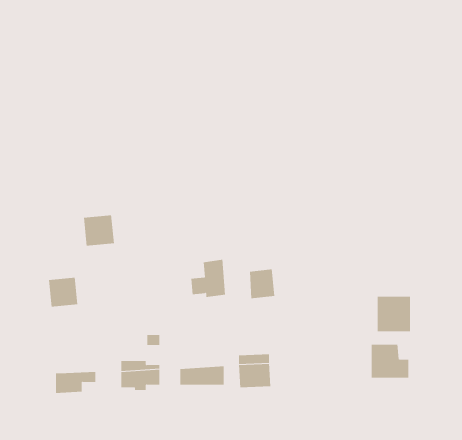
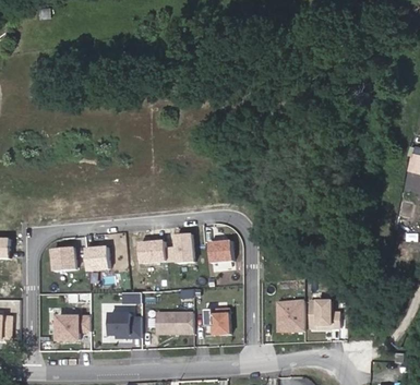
building: [83,215,115,246] -> [84,245,109,270]
building: none -> [140,241,166,262]
building: [377,296,411,332] -> [276,301,303,329]

